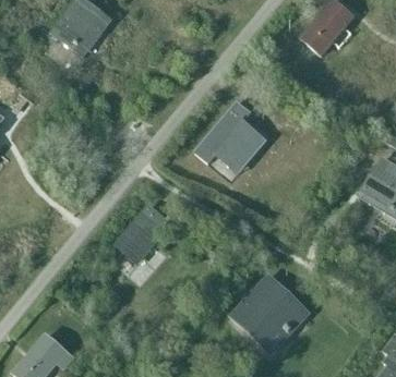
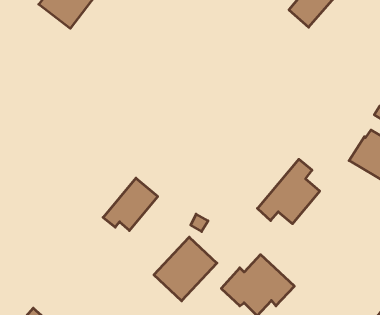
building: [195,102,257,167] -> [257,159,320,224]
building: none -> [154,237,217,301]

